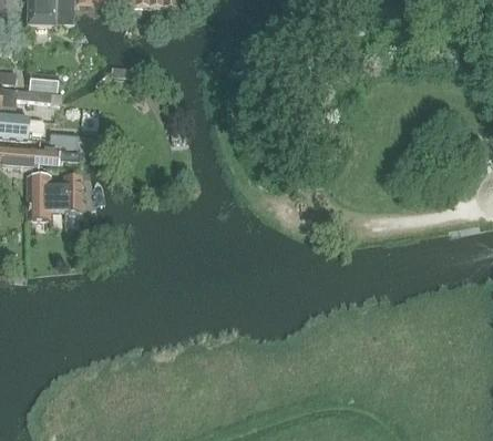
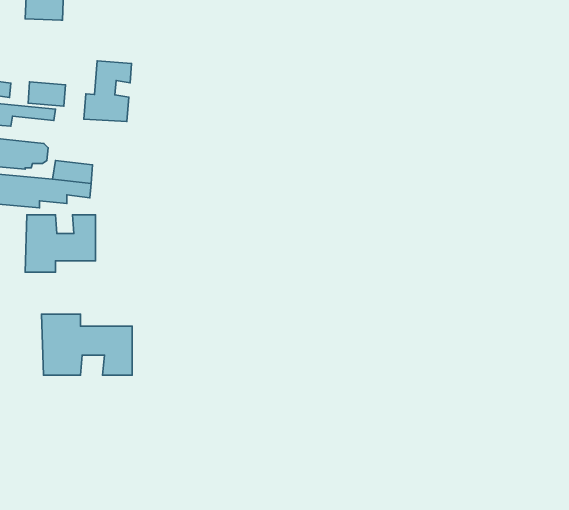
building: none -> [84,61,132,121]
building: none -> [42,314,132,375]

